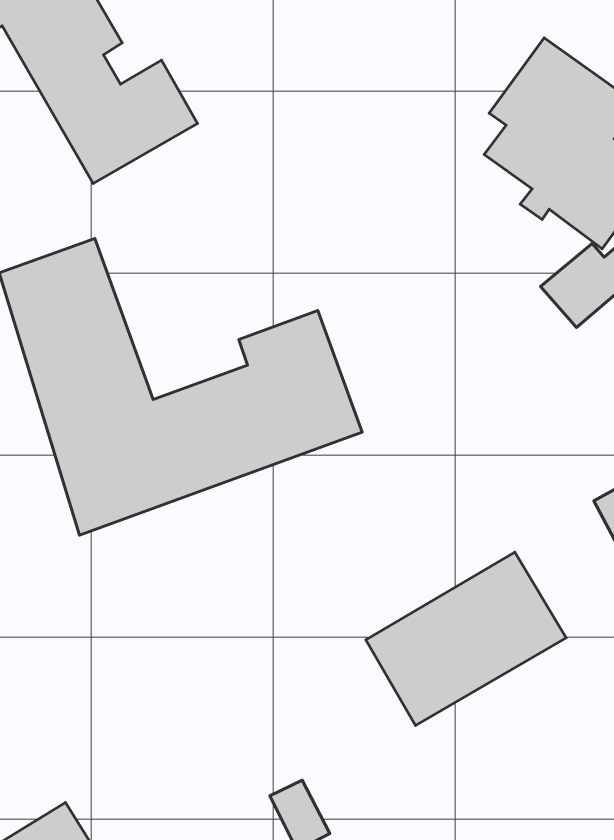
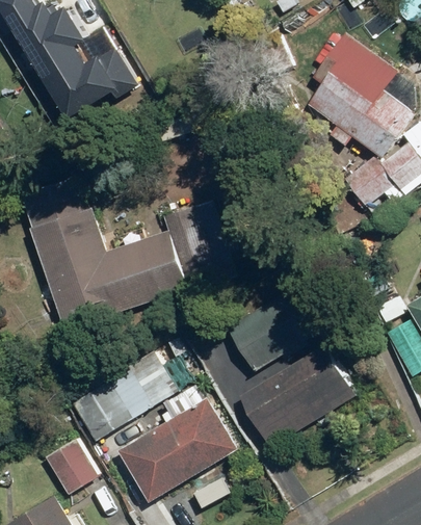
building: none -> [82,355,177,441]
building: none -> [117,397,238,501]
building: none -> [41,435,96,496]

